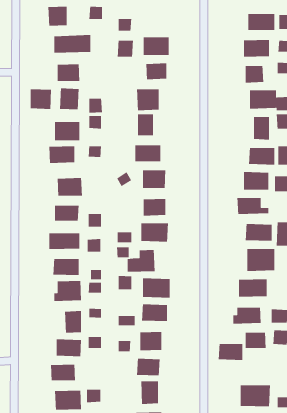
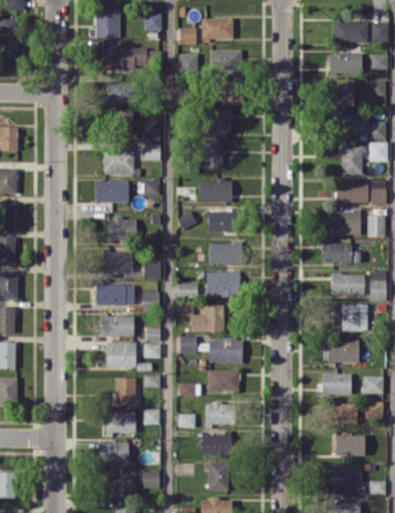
building: none -> [202,18,234,40]
building: [30,88,52,110] -> none
building: [218,343,243,361] -> [335,436,365,457]

